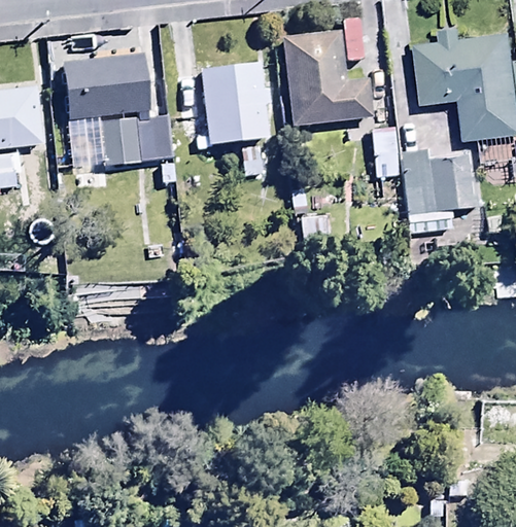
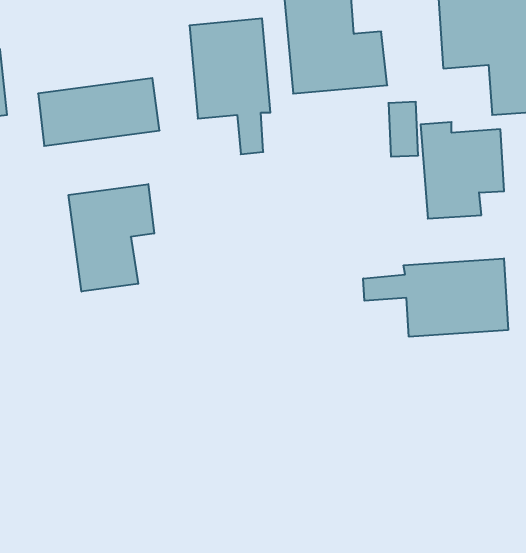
building: [62,52,148,118] -> none
building: none -> [69,184,154,292]
building: none -> [363,258,508,337]

